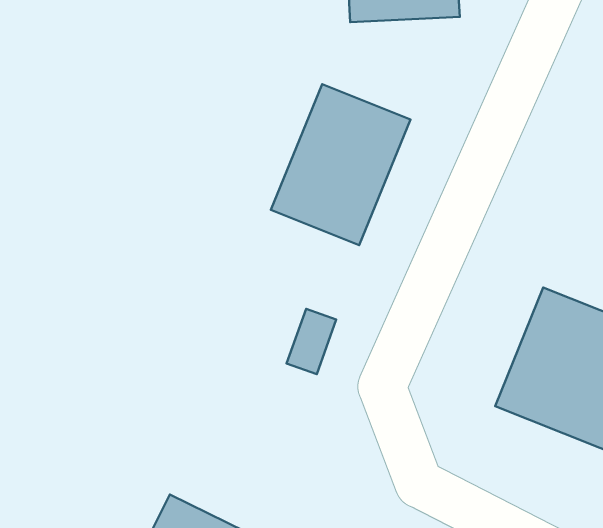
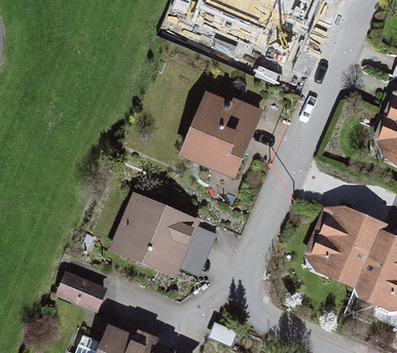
building: none -> [110,193,192,275]
building: none -> [56,266,107,307]

